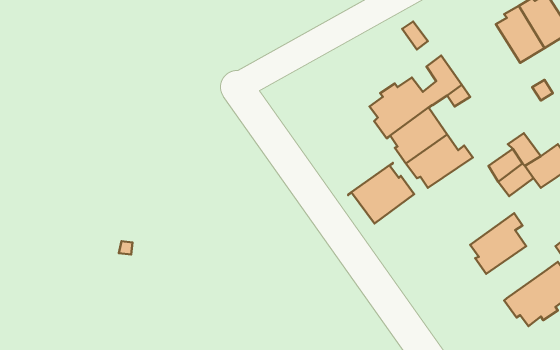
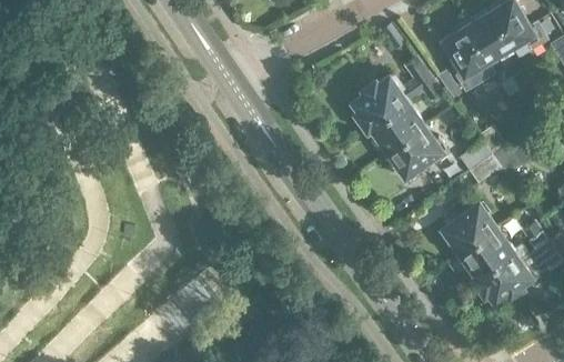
building: none -> [444,27,496,93]
building: [348,163,414,223] -> none
building: none -> [459,231,512,279]

